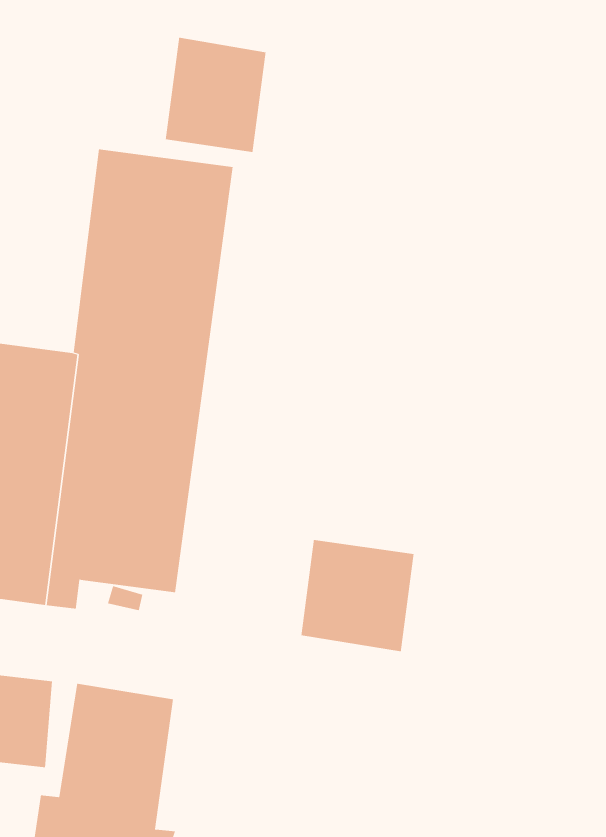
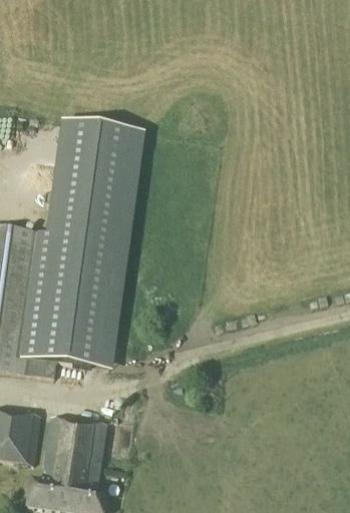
building: [165,37,266,153] -> none
building: [301,539,414,652] -> none

